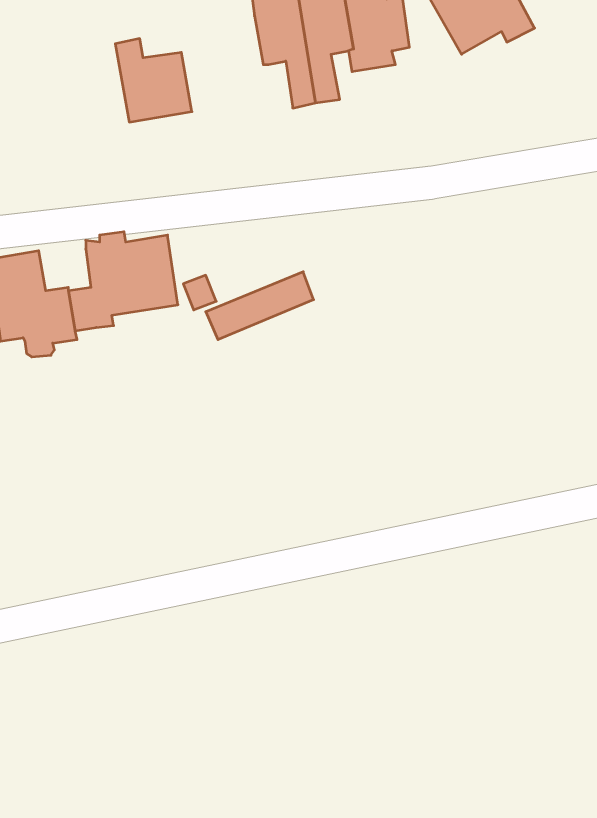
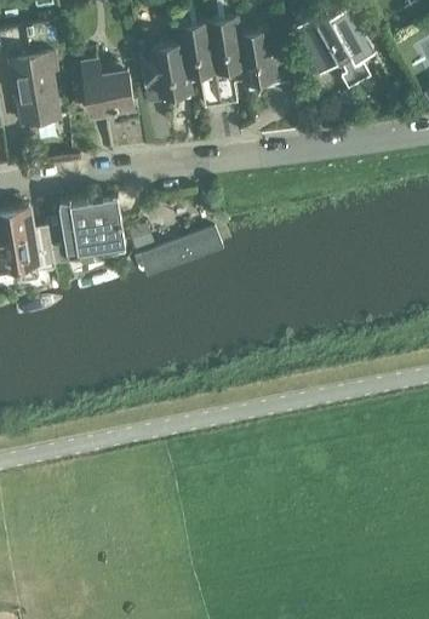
building: none -> [141,46,190,98]
building: none -> [10,57,59,127]

